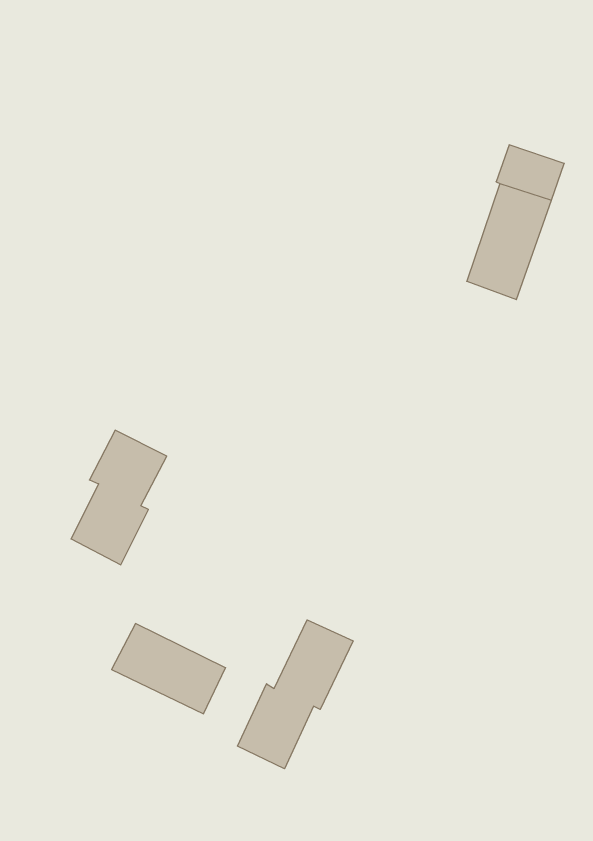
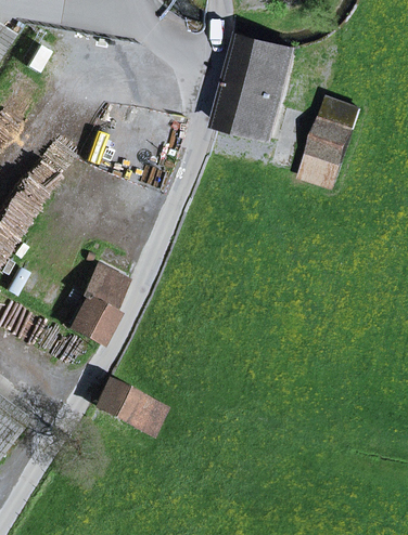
building: none -> [220,37,290,136]
building: [237,620,353,769] -> none

